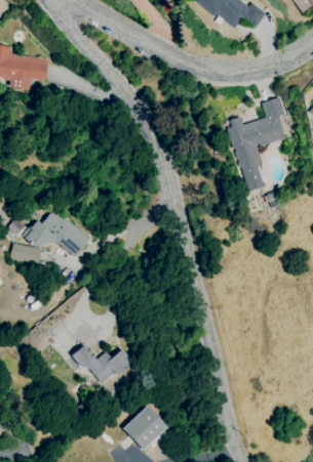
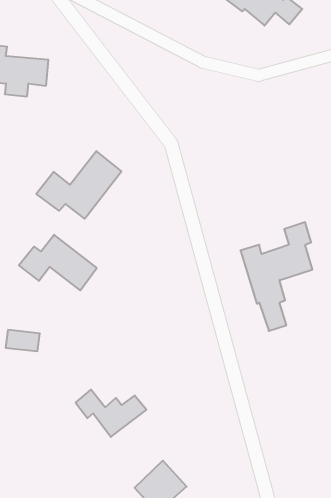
building: [225,97,287,192] -> [240,222,312,331]
building: none -> [36,151,121,219]
building: [10,245,40,263] -> [6,330,40,351]

